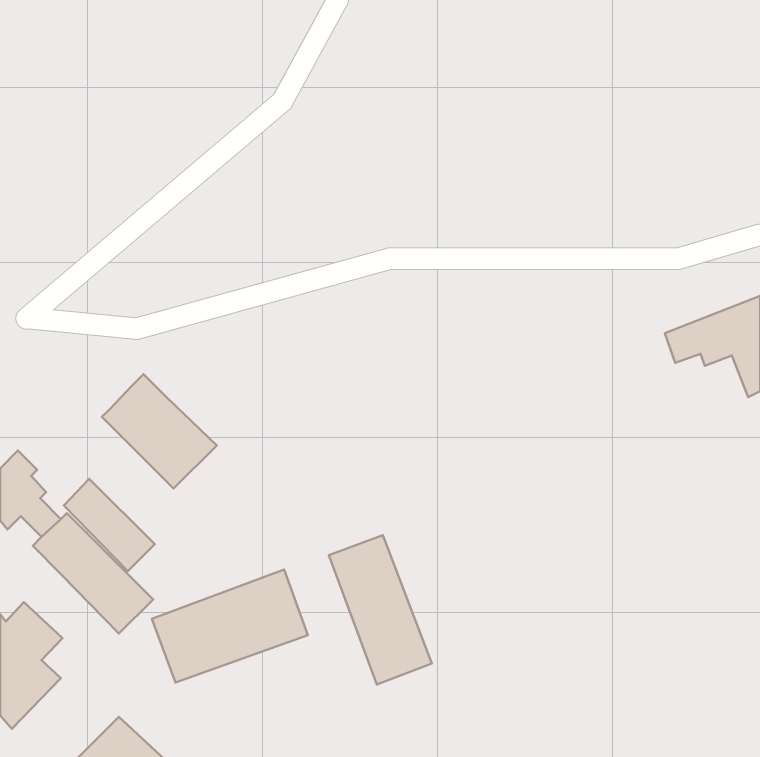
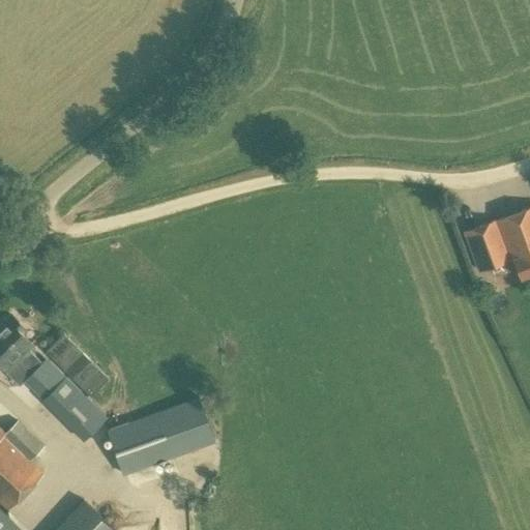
building: [102,374,217,489] -> none
building: [329,535,432,684] -> none

